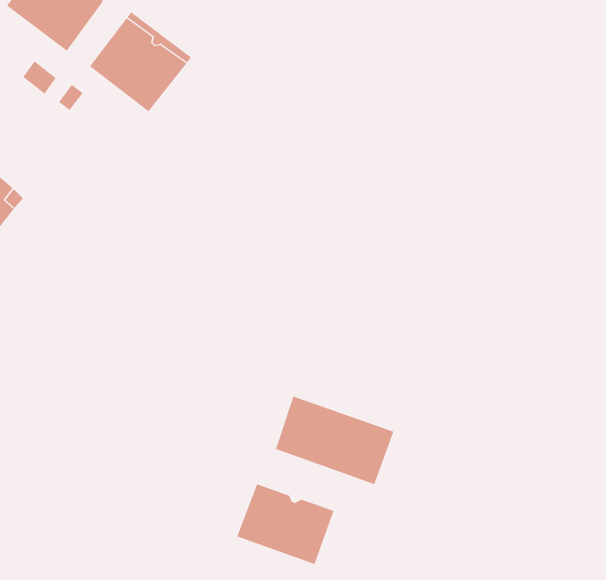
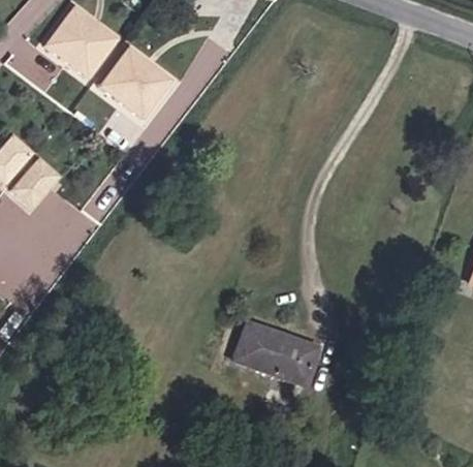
building: [237,484,334,565] -> none

